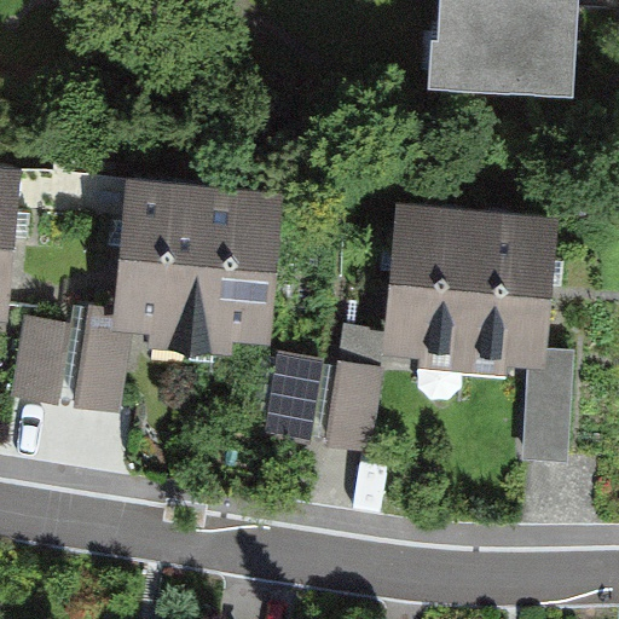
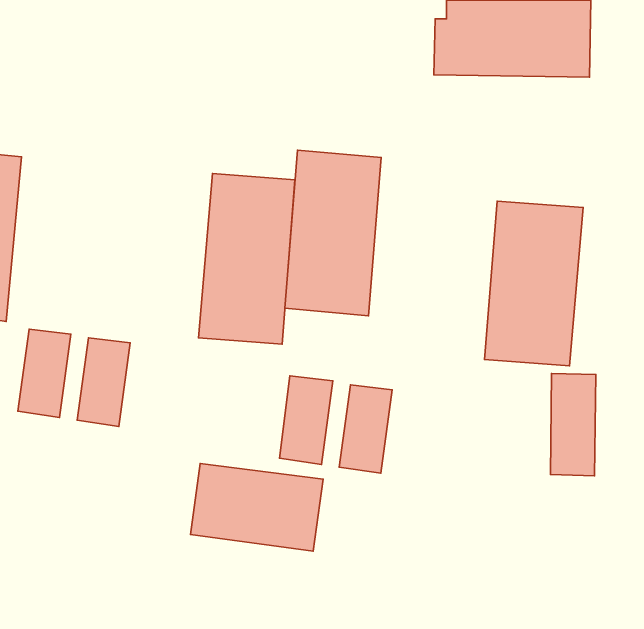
building: [114,177,203,340] -> none
building: [383,202,475,360] -> [285,150,381,316]
building: none -> [190,464,323,551]

